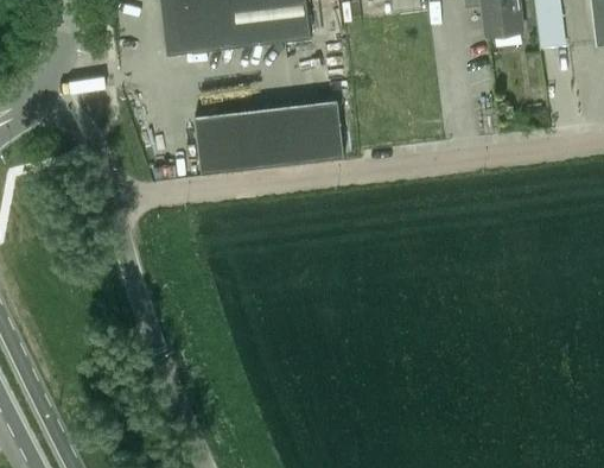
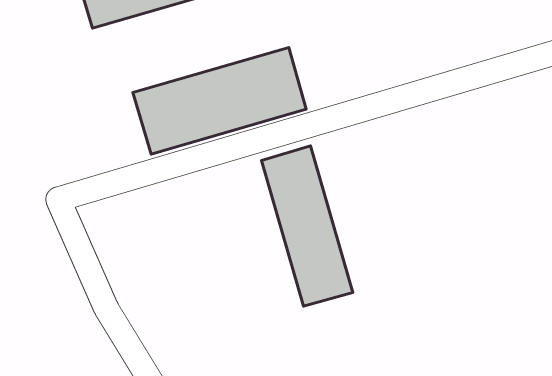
building: none -> [261,146,353,306]

